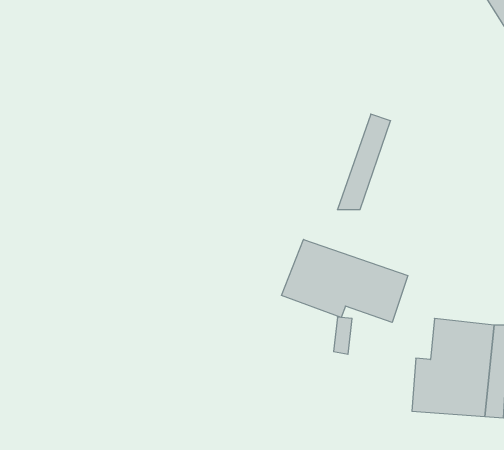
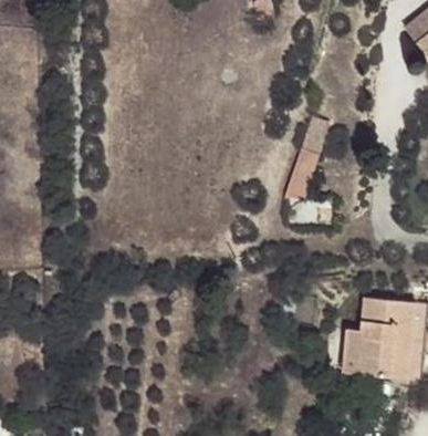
building: [281,239,408,322] -> none

